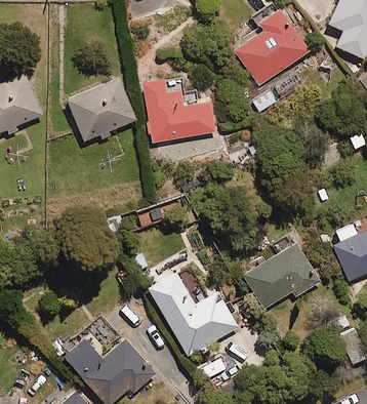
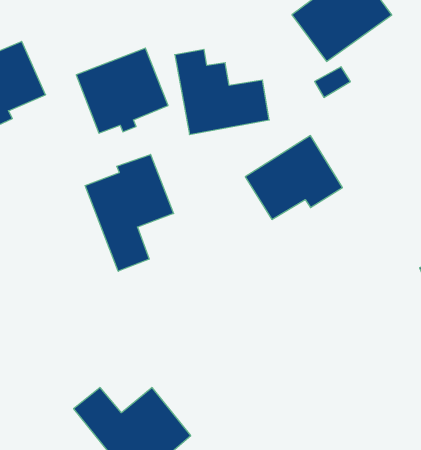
building: none -> [85,154,174,271]
building: [245,242,320,307] -> [245,136,342,219]
building: [148,265,240,358] -> none

